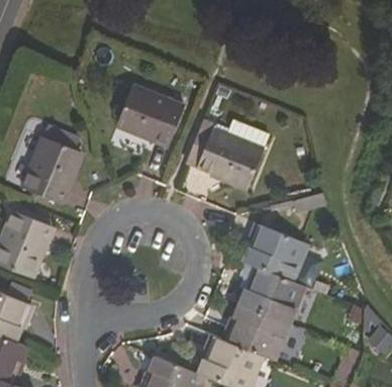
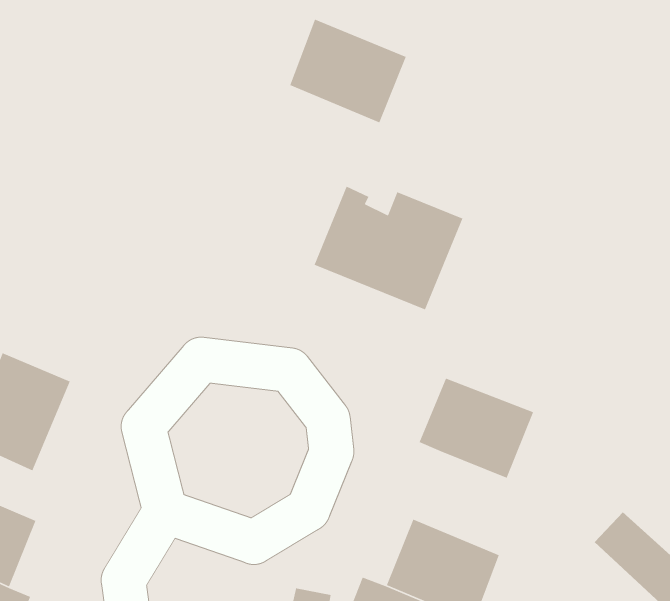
building: [118,86,184,144] -> [289,19,407,123]
building: [22,135,82,202] -> none
building: [241,266,305,323] -> none

